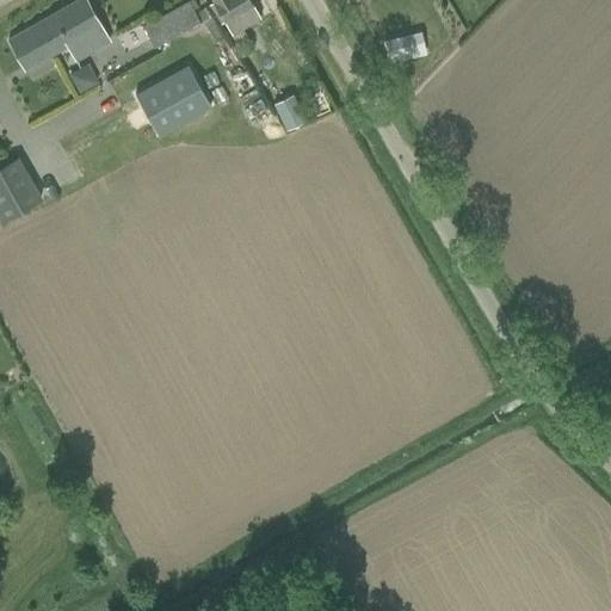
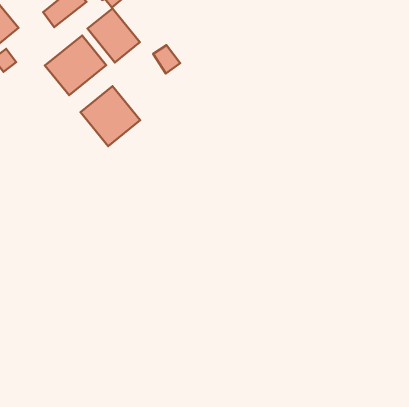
building: none -> [88,8,140,62]
building: none -> [81,86,140,146]

